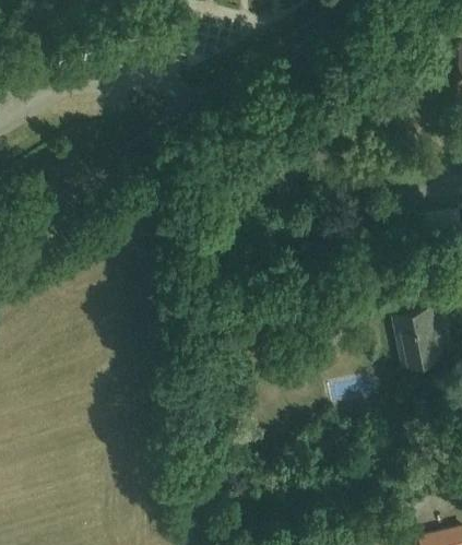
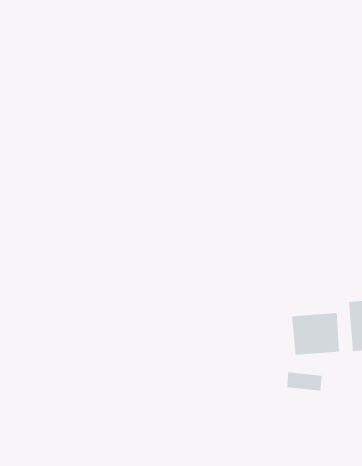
building: none -> [291,312,340,355]

